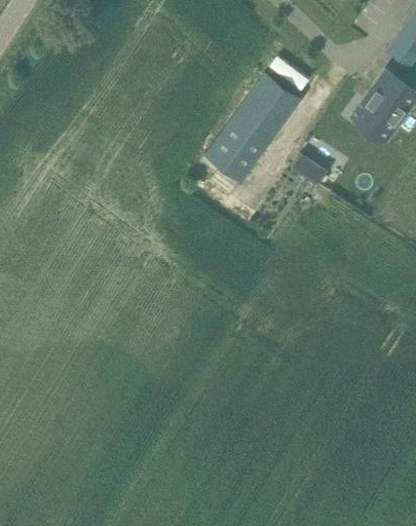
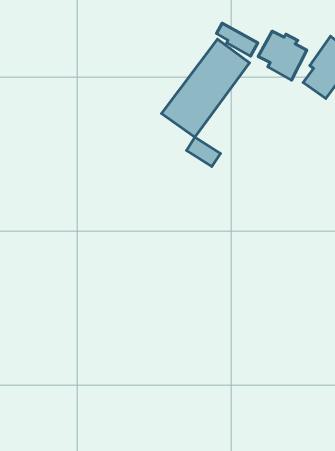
building: none -> [258,31,307,80]
building: [290,154,327,186] -> [186,137,220,167]

